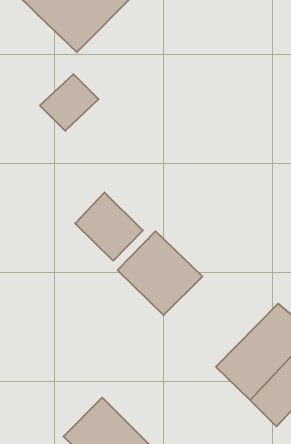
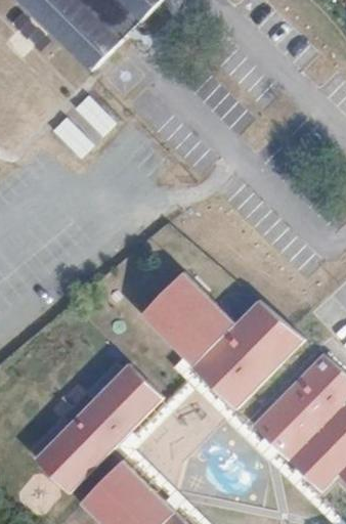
building: [75,192,143,261] -> none
building: none -> [191,300,304,410]
building: none -> [32,363,163,494]

